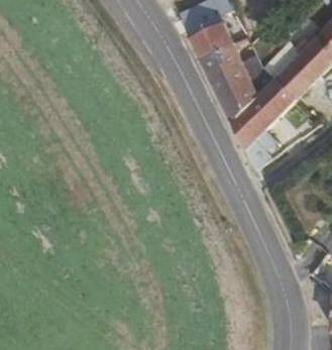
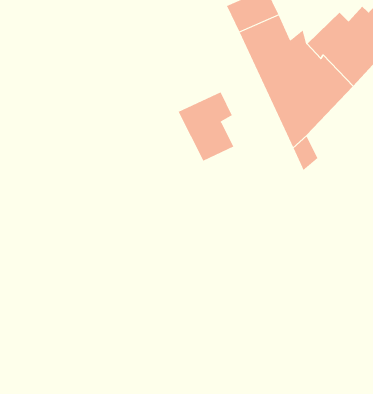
building: none -> [178,91,234,161]

